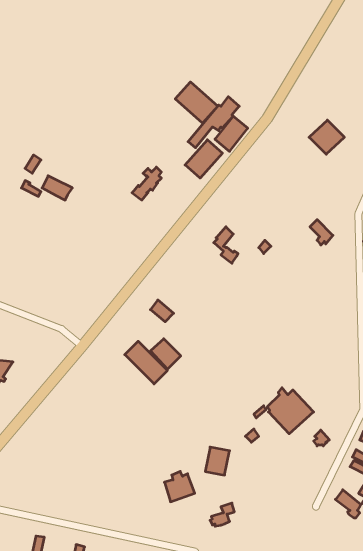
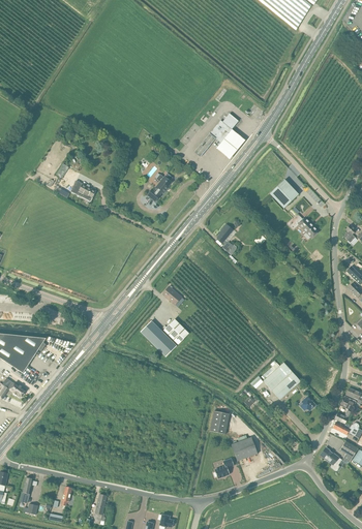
building: [175,82,218,123] -> none
building: [309,120,344,154] -> [269,179,299,208]
building: [185,140,222,178] -> none
building: [164,471,195,502] -> [232,434,258,460]

